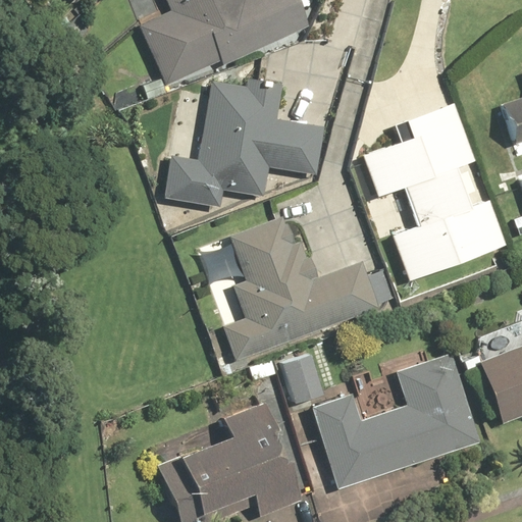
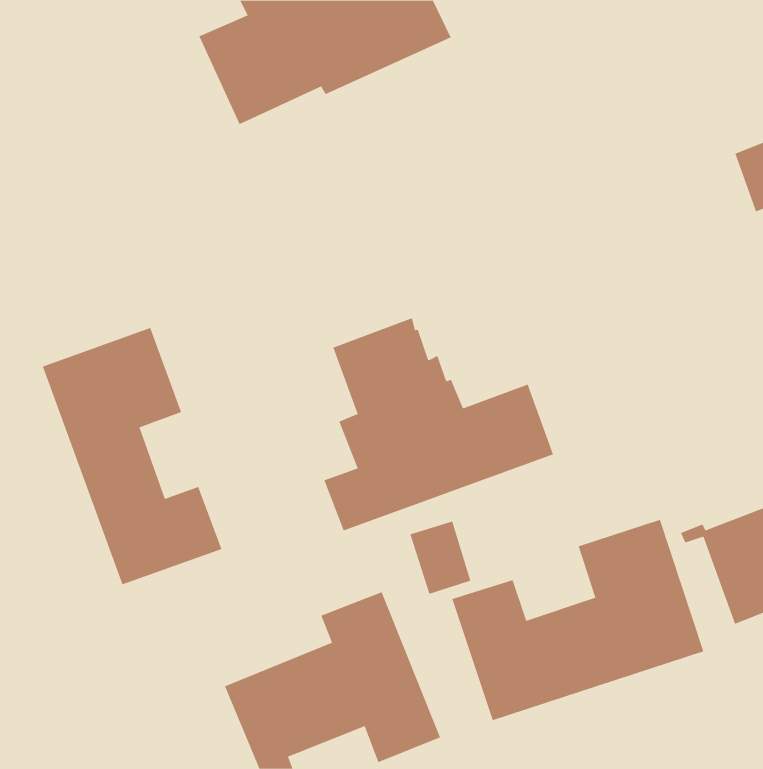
building: [164,76,325,206] -> none
building: [362,103,507,280] -> none
building: none -> [42,327,222,585]

